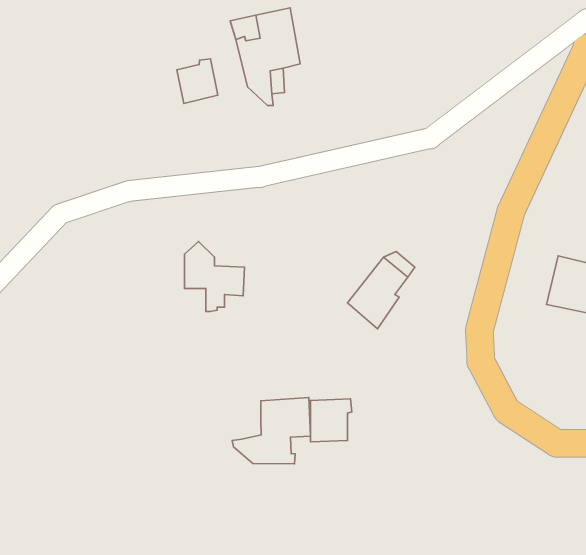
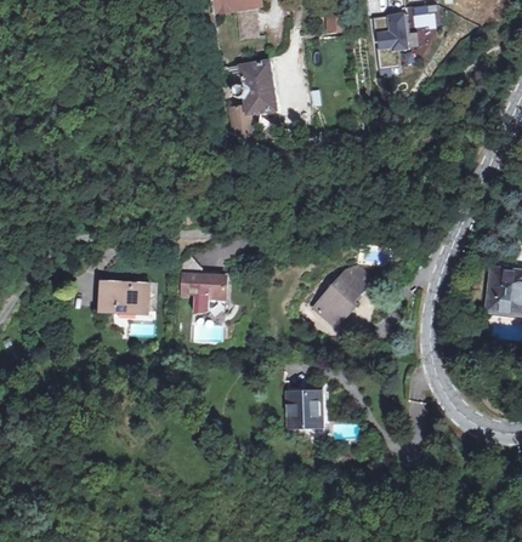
building: [177,59,218,104] -> none
building: none -> [103,285,148,314]
building: [232,397,310,464] -> none

